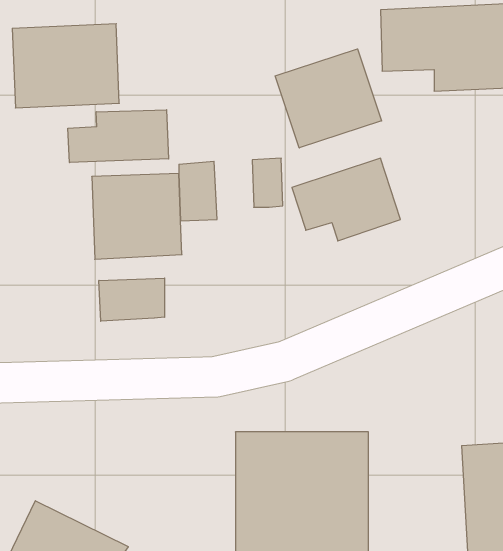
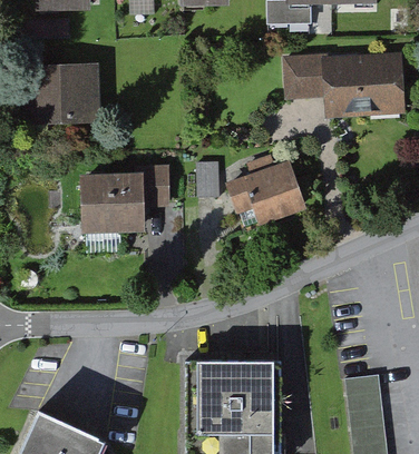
building: [275,49,382,148] -> none
building: [68,110,169,163] -> none
building: [99,278,165,321] -> none

